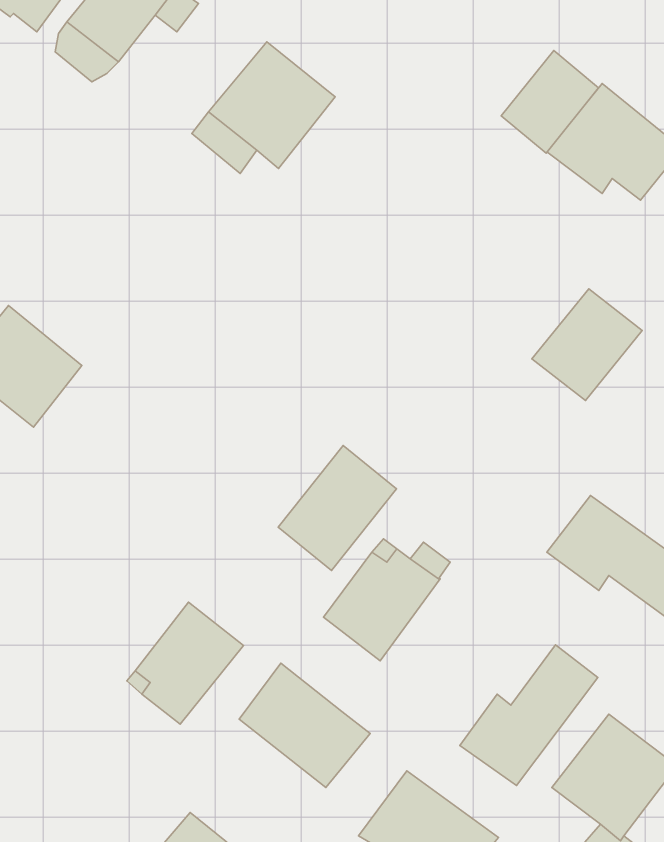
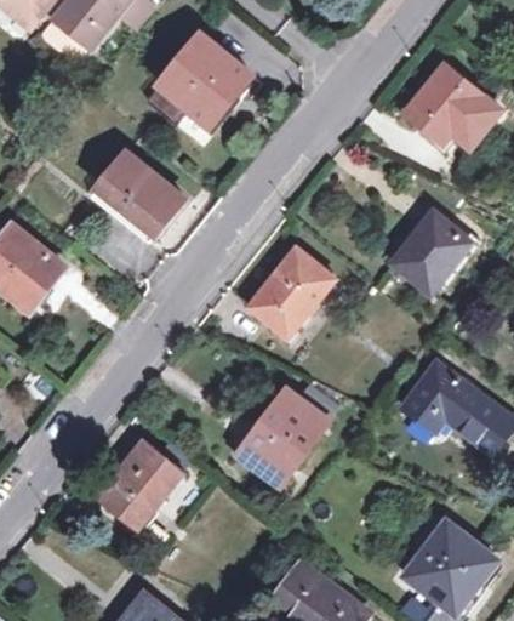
building: [501,50,599,153] -> none
building: none -> [96,152,183,233]
building: [278,445,396,570] -> [249,246,335,337]
building: [460,645,598,785] -> none
building: [239,663,370,788] -> none

